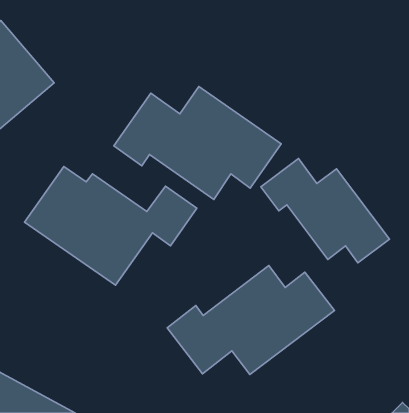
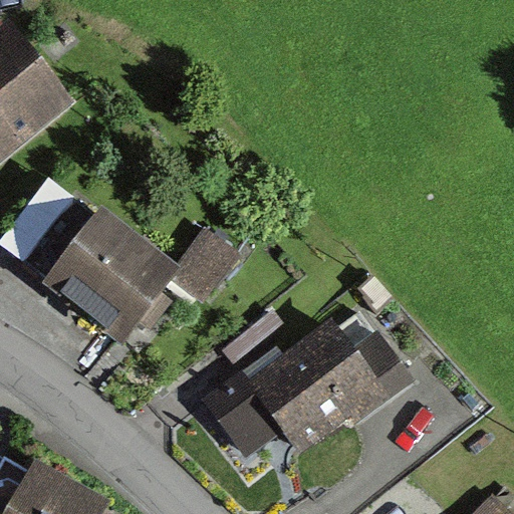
building: [114,86,281,199] -> none
building: [261,158,389,263] -> none

